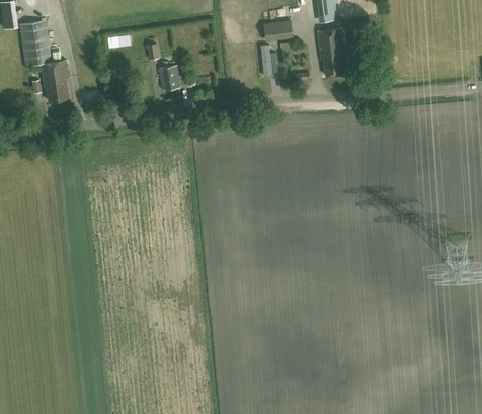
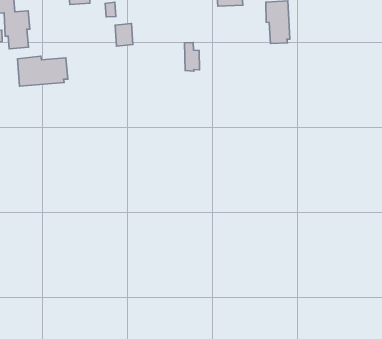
building: [260,46,278,76] -> [184,43,200,71]
building: none -> [17,56,68,86]

